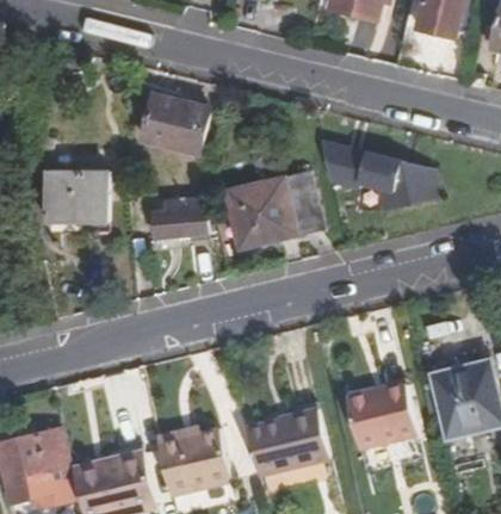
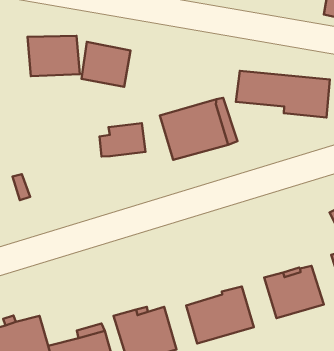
building: [44,171,106,221] -> [27,36,80,76]

